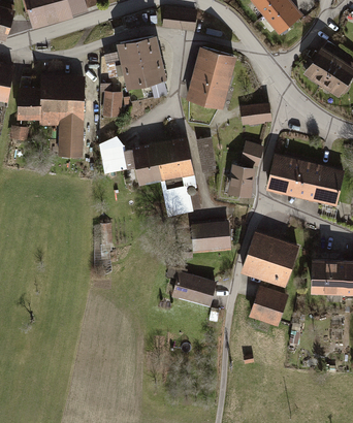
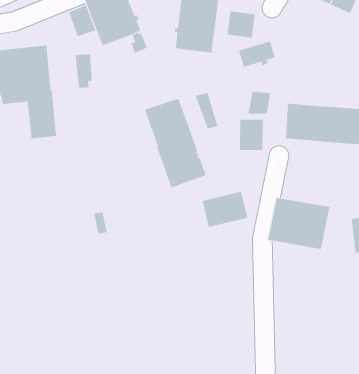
building: none -> [227,11,255,38]
building: [100,137,162,182] -> none
building: [172,273,215,304] -> none
building: [251,289,286,322] -> none

